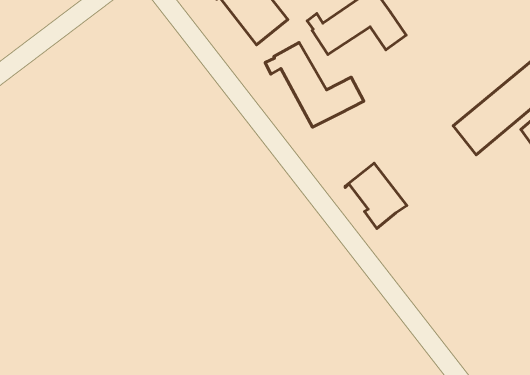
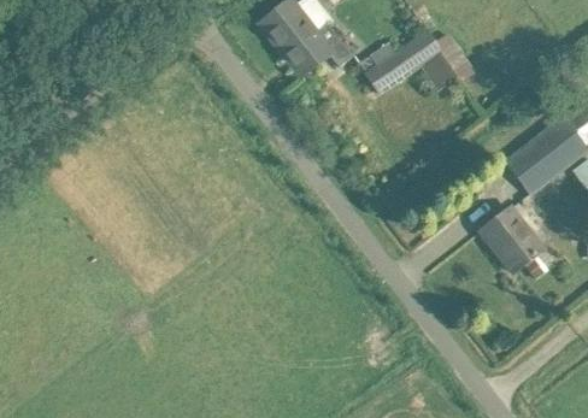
building: [265,43,364,127] -> none
building: [345,163,407,228] -> [483,205,545,270]

